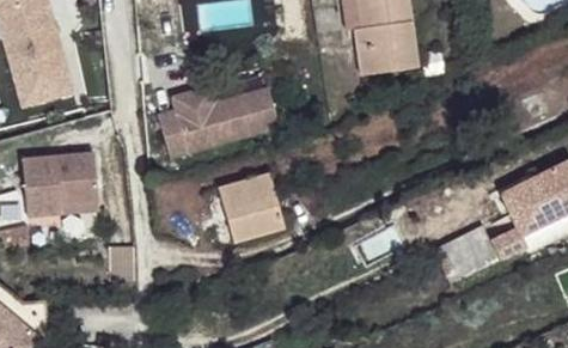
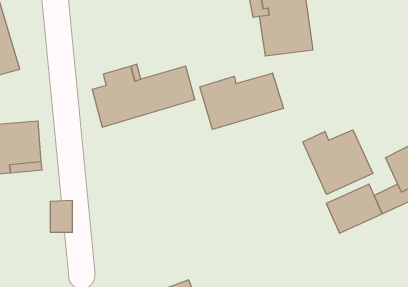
building: none -> [200,73,283,129]
building: none -> [303,130,373,194]
building: [218,175,283,243] -> none

